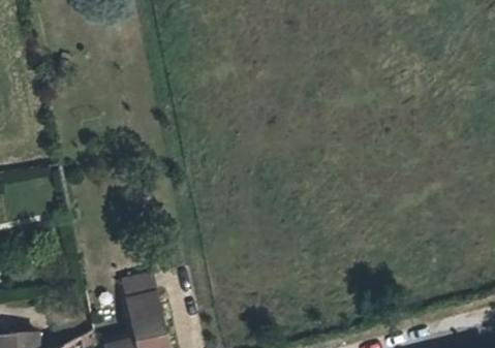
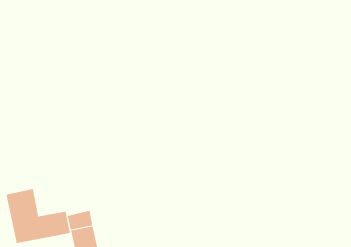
building: none -> [6,188,70,244]

